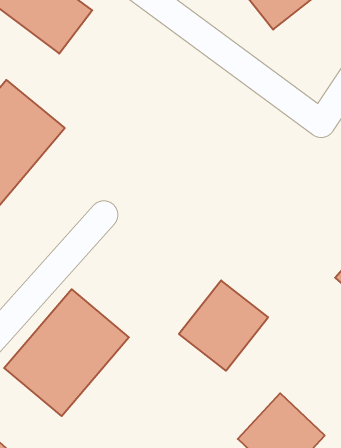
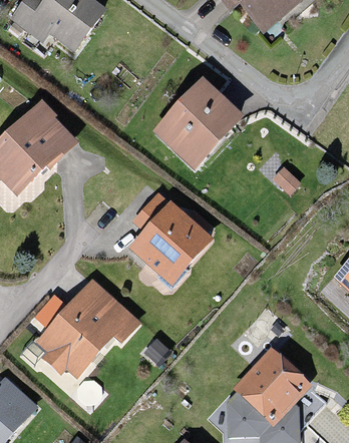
building: none -> [155,91,239,174]
building: [179,280,268,371] -> [122,197,201,277]

